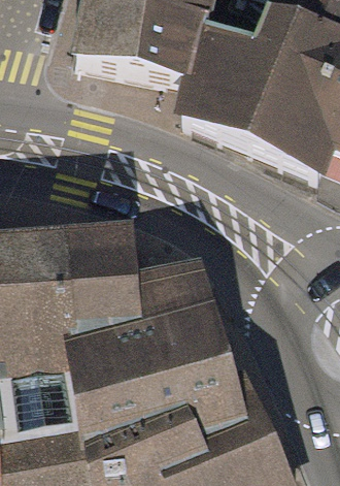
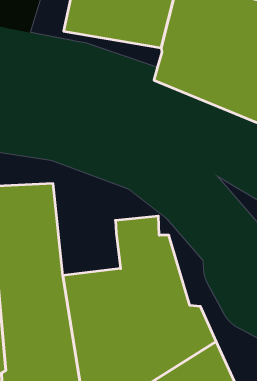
building: [66,238,145,352] -> none

